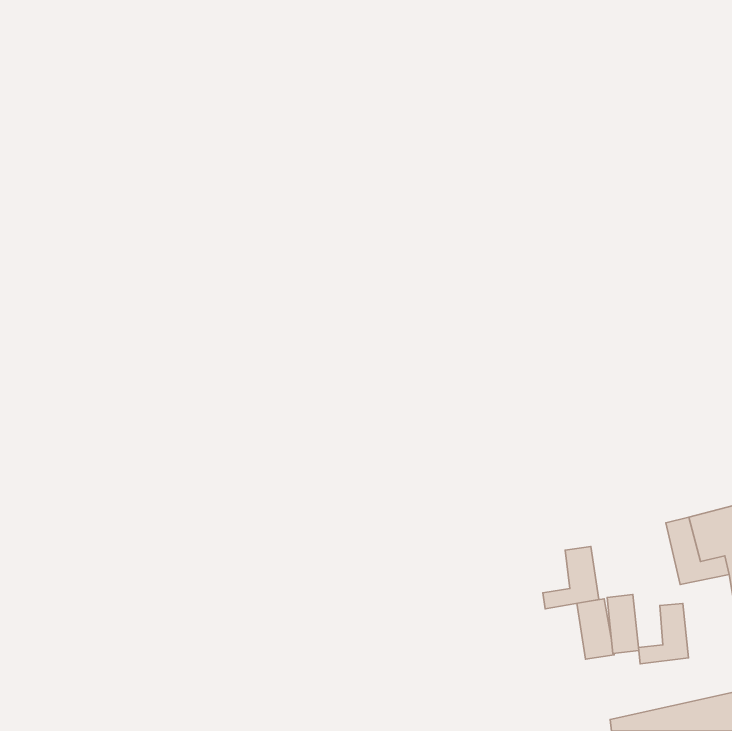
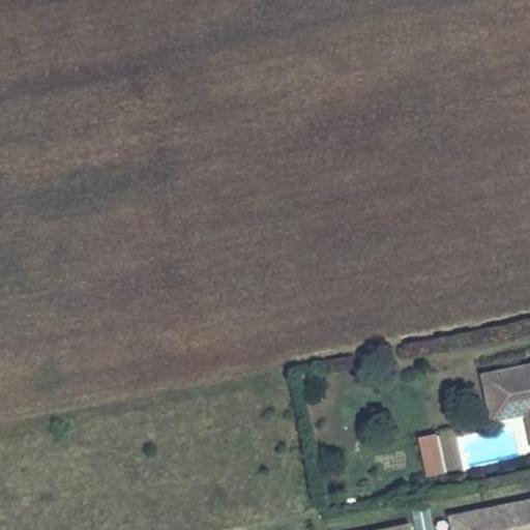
building: [543,547,599,609] -> none
building: [638,603,688,664] -> none

